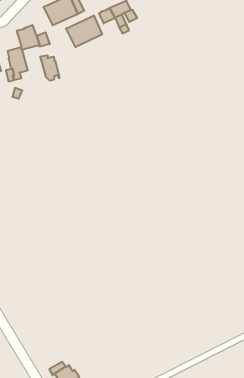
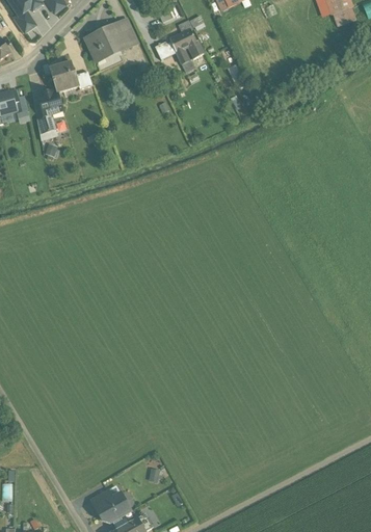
building: [66,15,102,47] -> none
building: [40,55,59,81] -> none

